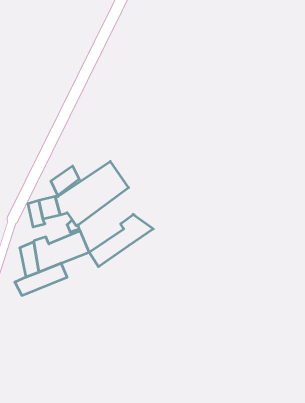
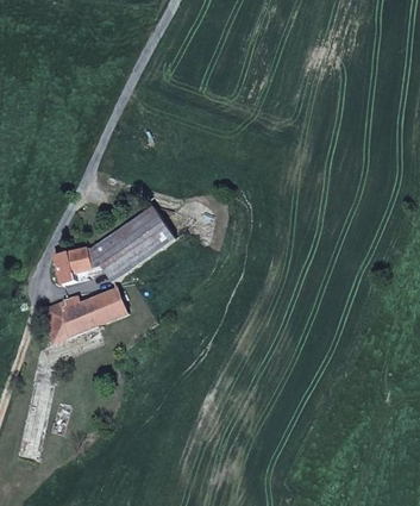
building: [51,166,79,196] -> none
building: [89,214,153,267] -> none

